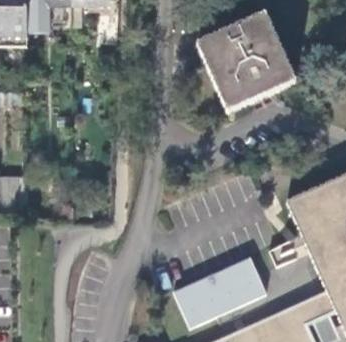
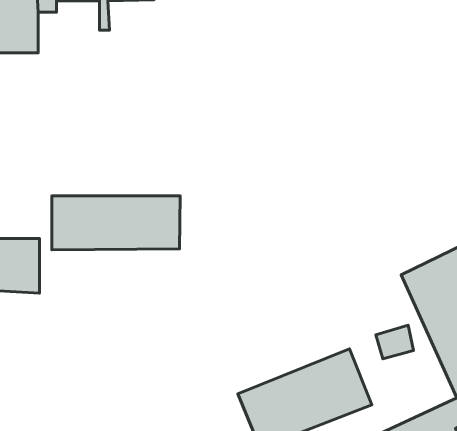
building: [200,12,297,110] -> none
building: none -> [52,196,180,250]

